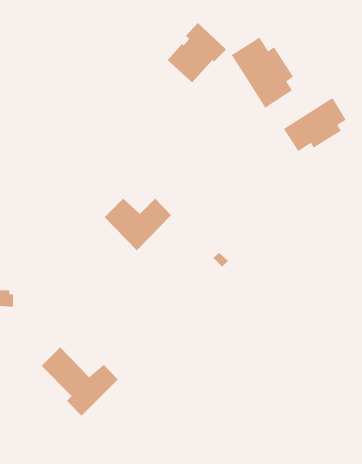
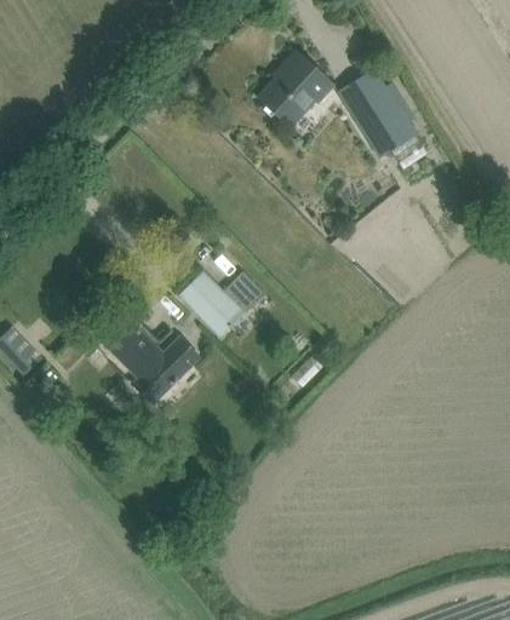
building: [283,97,346,152] -> none
building: [41,347,118,416] -> [102,316,199,403]

